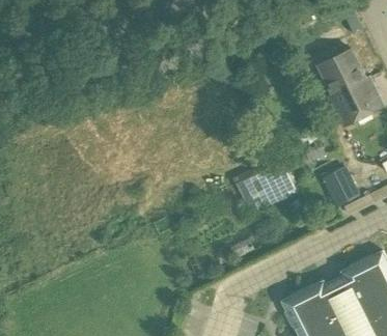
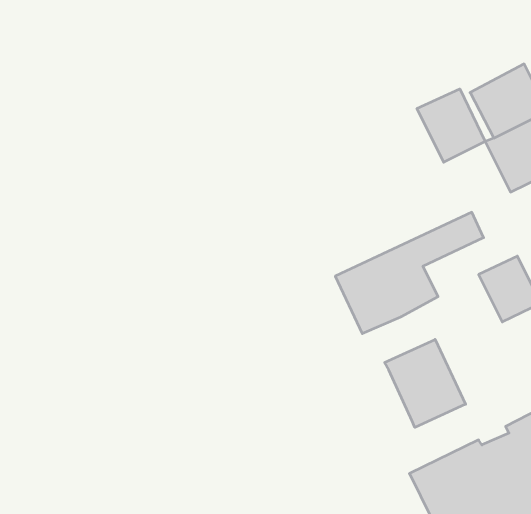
building: none -> [417,89,485,162]
building: none -> [385,339,466,427]

